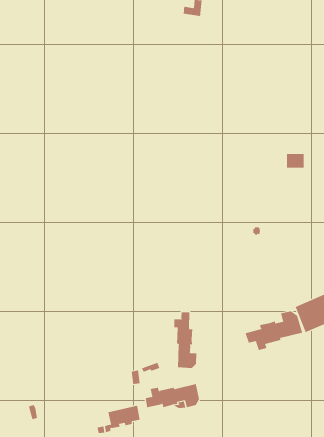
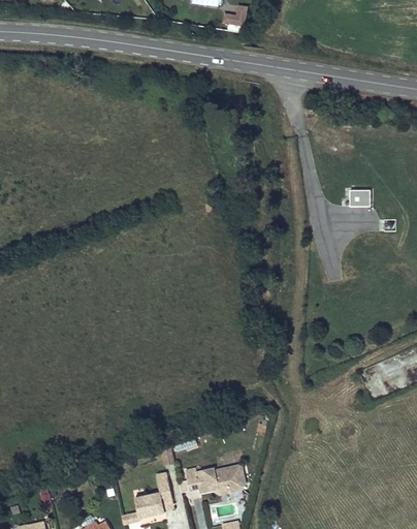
building: [245,310,303,351] -> none
building: [174,311,197,369] -> none

